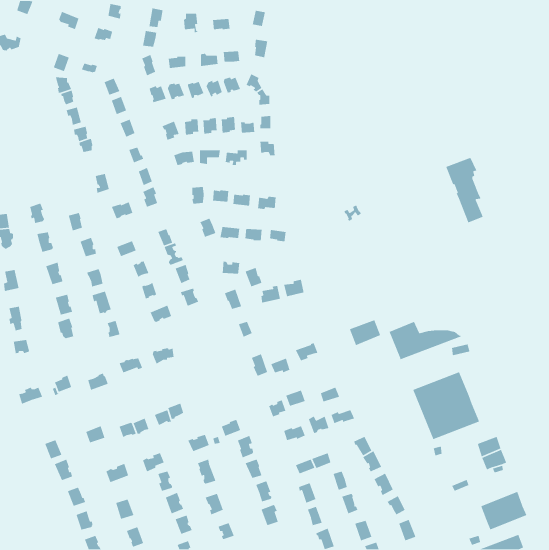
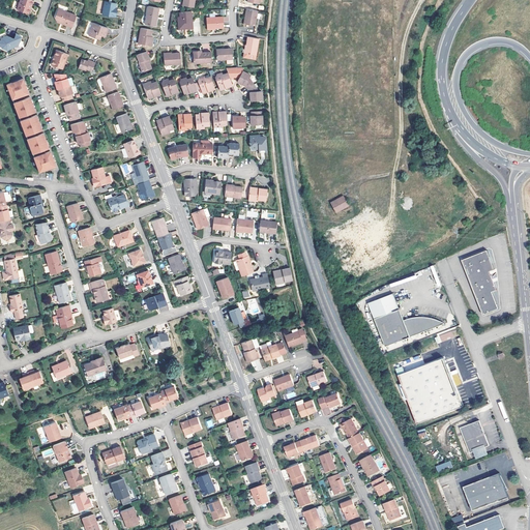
building: none -> [7,79,55,173]
building: [445,157,484,224] -> [460,251,497,315]
building: [349,319,381,346] -> [367,293,399,319]

